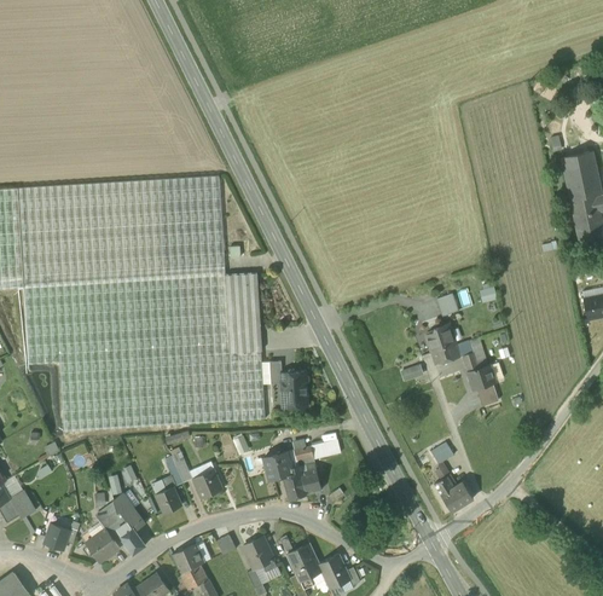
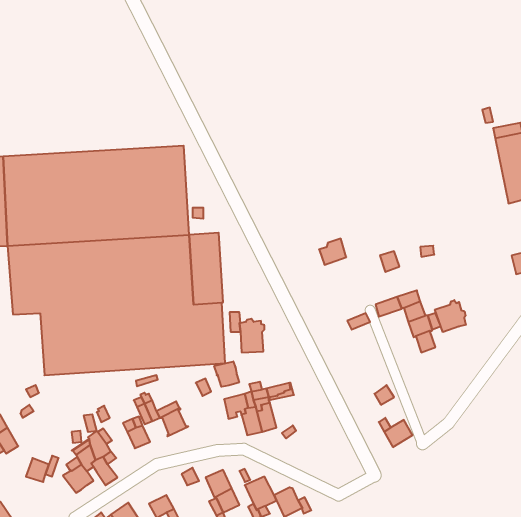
building: [425,324,456,353] -> [319,239,346,265]
building: none -> [435,300,466,332]
building: none -> [214,361,239,387]
building: [170,544,203,574] -> none

